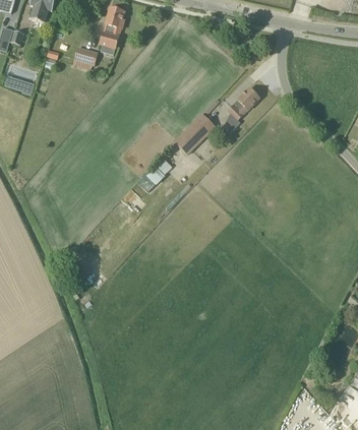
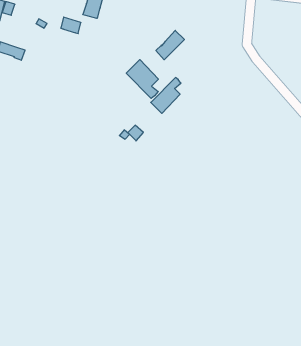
building: [228,87,259,120] -> [156,30,184,60]
building: none -> [126,60,158,98]

